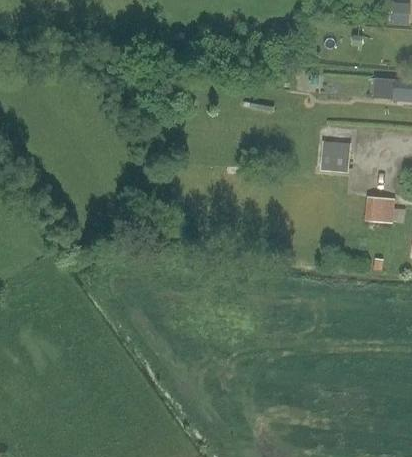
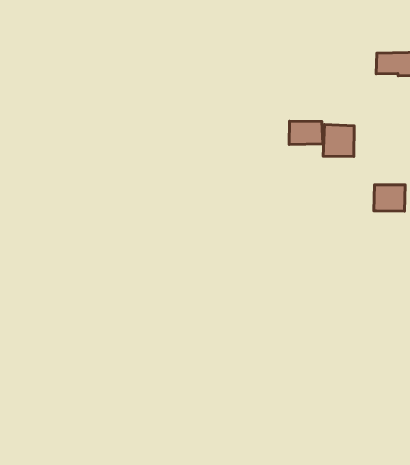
building: none -> [289,121,323,144]

